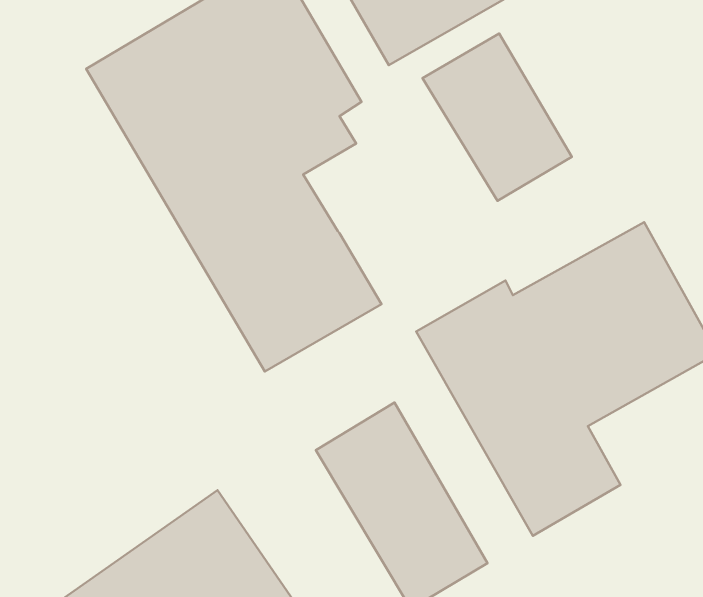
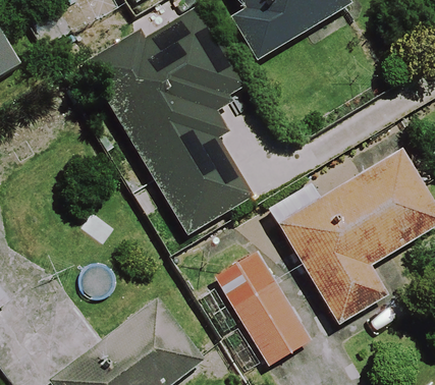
building: [423,33,572,201] -> none

